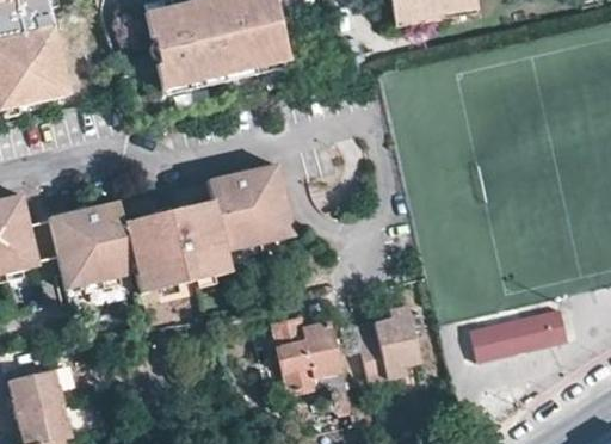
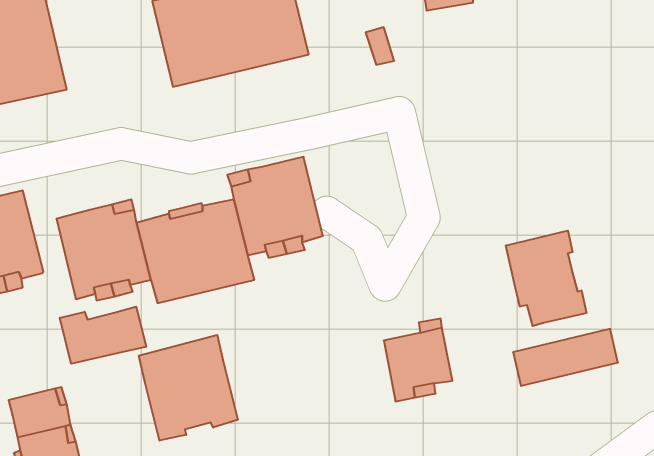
building: none -> [506,231,587,326]
building: none -> [60,307,146,364]
building: [274,322,342,393] -> none
building: none -> [139,335,238,441]

